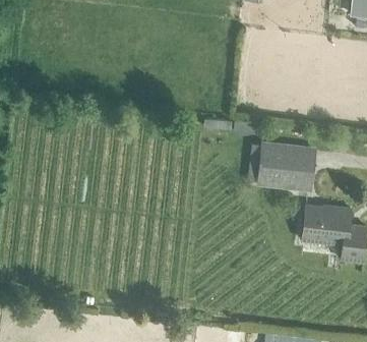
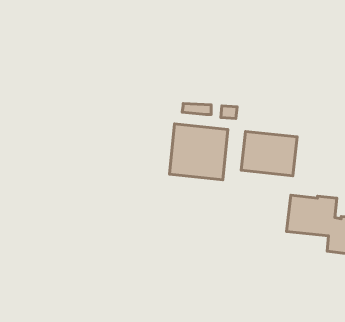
building: none -> [170,124,228,180]

